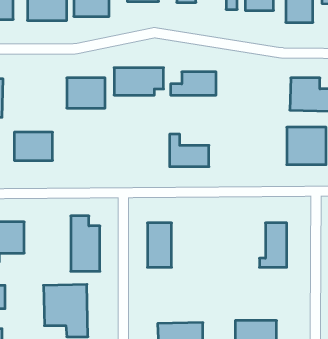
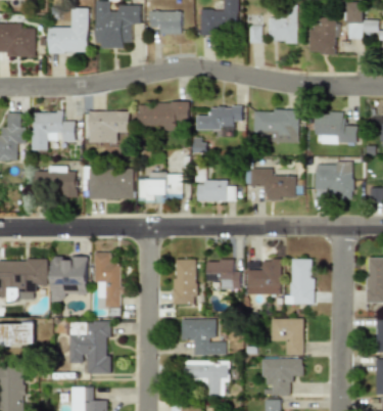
building: none -> [252,107,298,143]
building: none -> [34,110,77,142]
building: none -> [88,168,133,199]
building: none -> [250,169,294,199]
building: none -> [140,172,182,203]
building: none -> [51,256,87,302]
building: none -> [246,258,280,294]
building: none -> [204,259,239,288]
building: none -> [180,318,225,355]
building: none -> [271,318,303,355]

